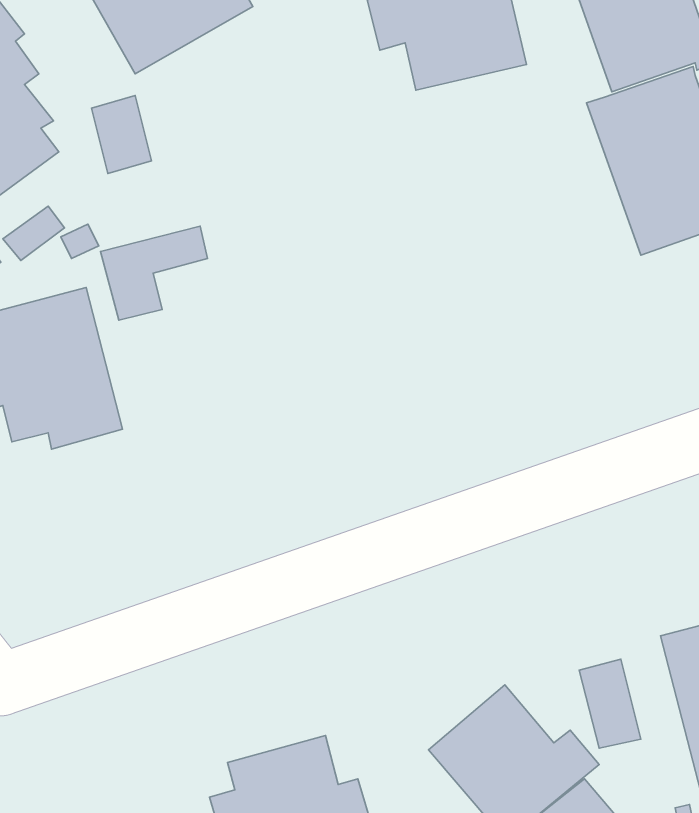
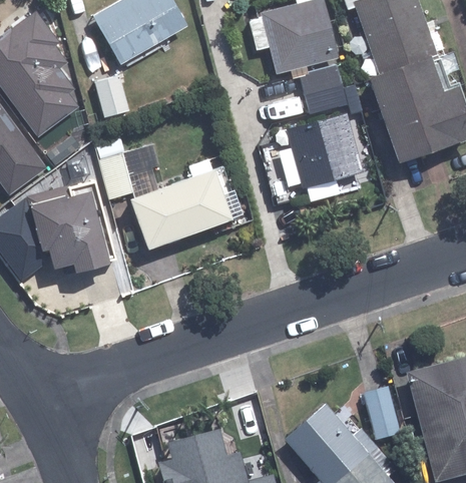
building: none -> [302,67,357,112]
building: none -> [277,114,360,201]
building: none -> [132,162,229,250]

